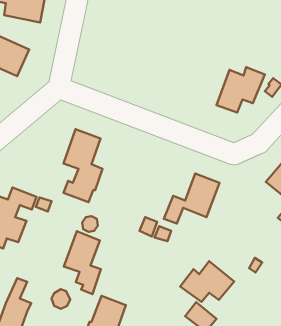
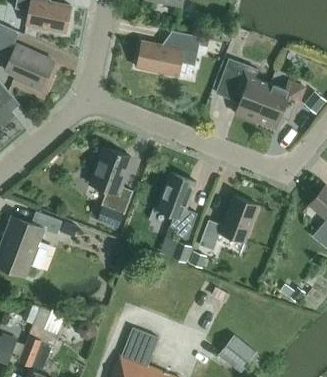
building: none -> [136,31,209,76]
building: none -> [215,59,269,122]
building: [64,231,101,294] -> [156,172,196,240]
building: [180,261,234,302] -> none

